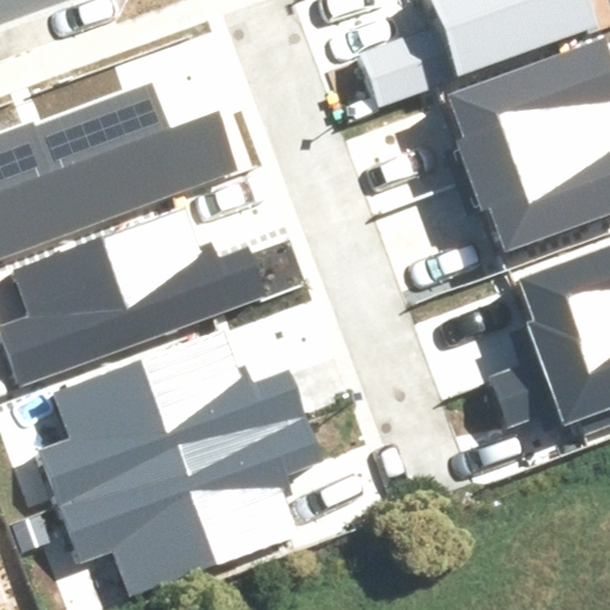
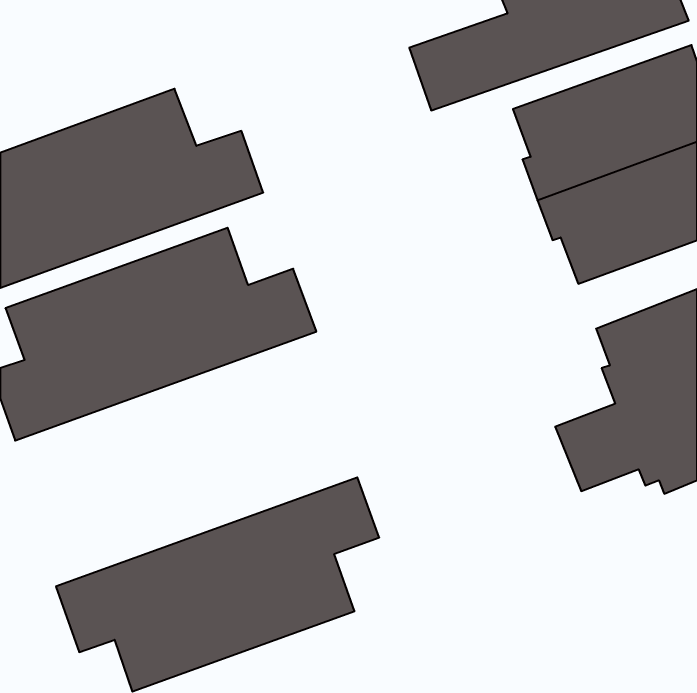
building: [27,326,312,512] -> none

